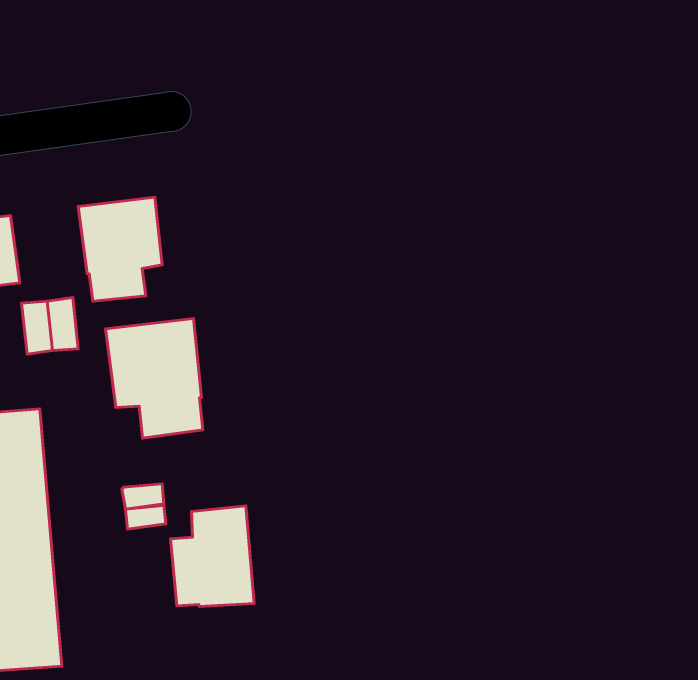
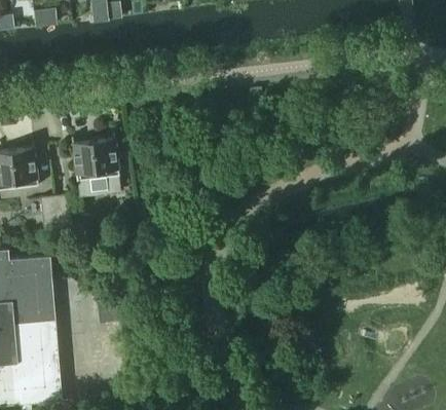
building: [106,318,203,438] -> none
building: [170,506,254,607] -> none

